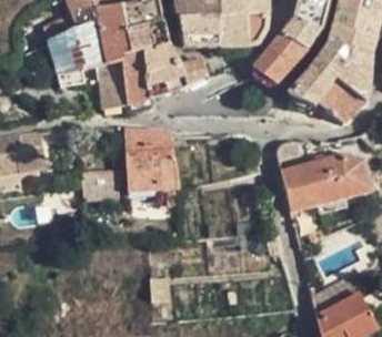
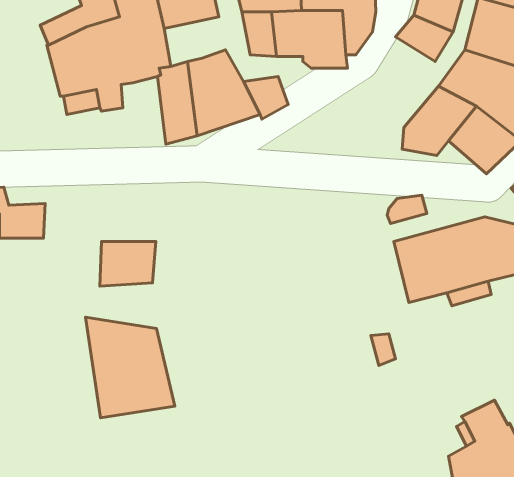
building: [127,19,168,52] -> none
building: [253,32,309,84] -> none
building: [98,59,128,109] -> none
building: [122,125,182,193] -> [86,317,175,418]

